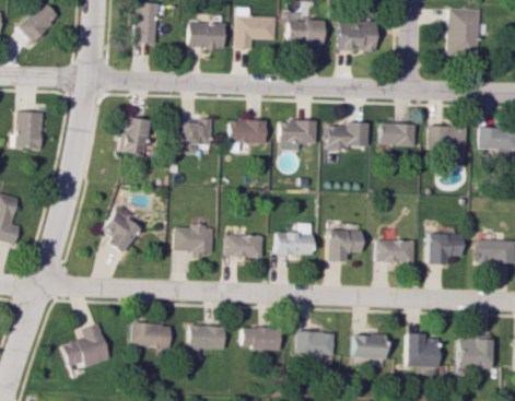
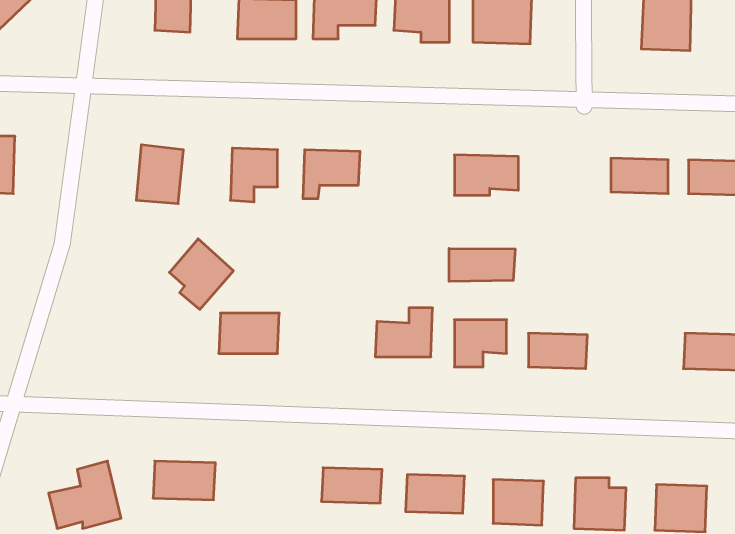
building: [279,120,316,143] -> none
building: [379,123,415,145] -> none
building: none -> [449,248,515,281]
building: [102,207,143,252] -> [169,239,233,309]
building: [426,233,463,264] -> none
building: [225,234,262,258] -> none
building: [189,325,225,356] -> none

